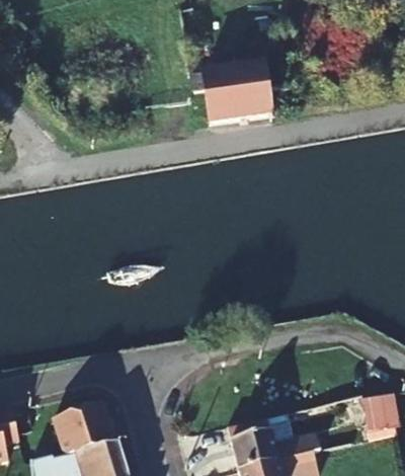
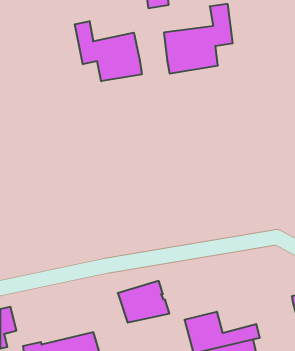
building: none -> [75,21,142,81]
building: [52,406,115,458] -> [118,281,169,323]

